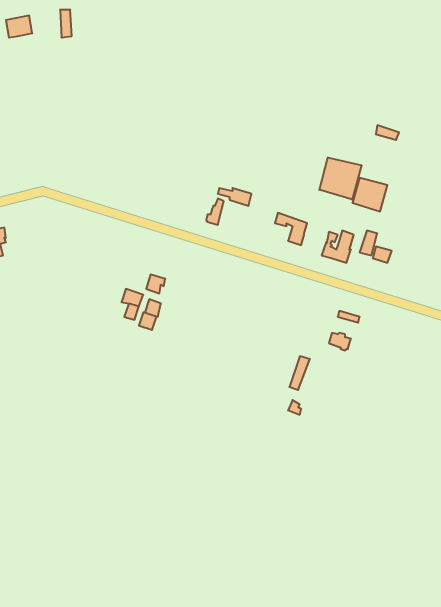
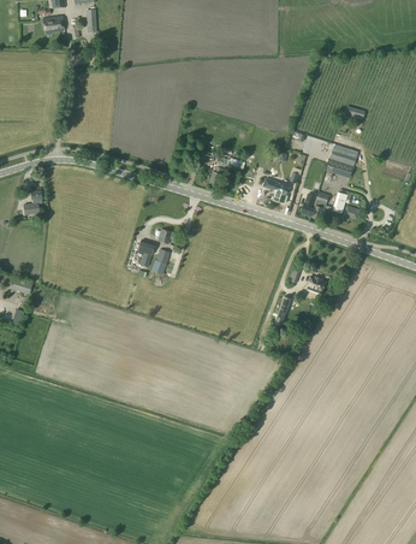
building: [319,157,362,200] -> none

